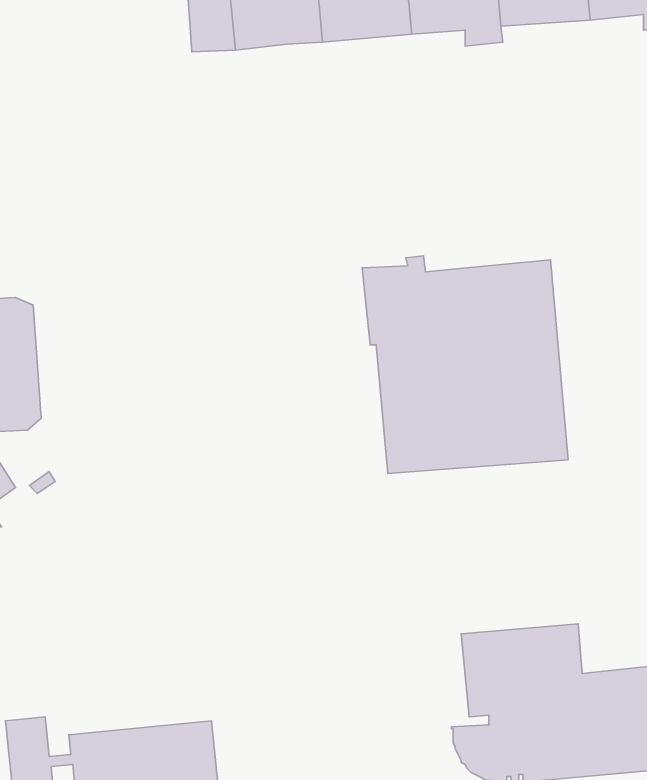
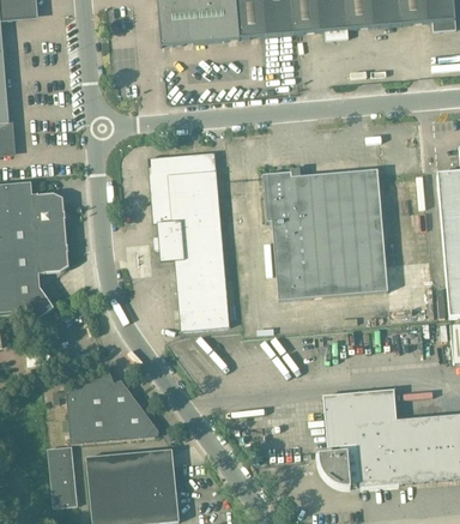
building: none -> [151,156,229,330]
building: none -> [65,371,158,444]

